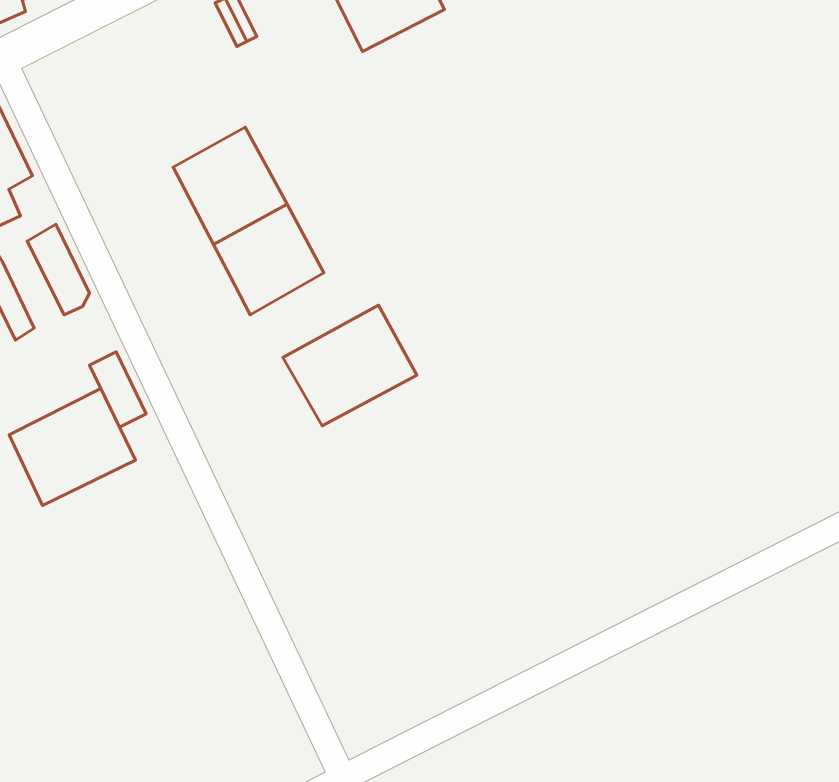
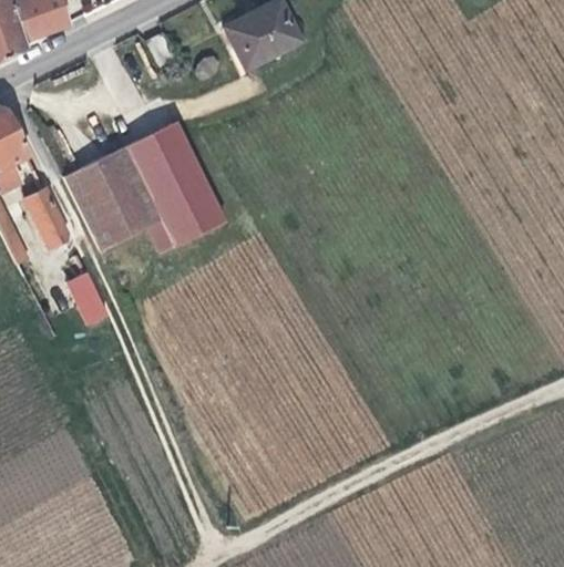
building: none -> [65,148,160,252]
building: [283,305,417,426] -> none
building: [9,389,135,505] -> none

